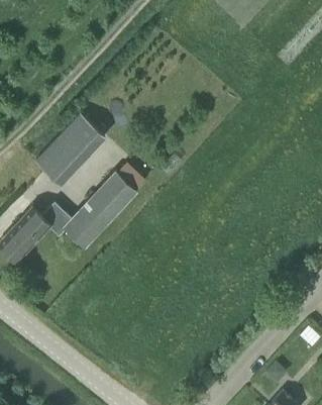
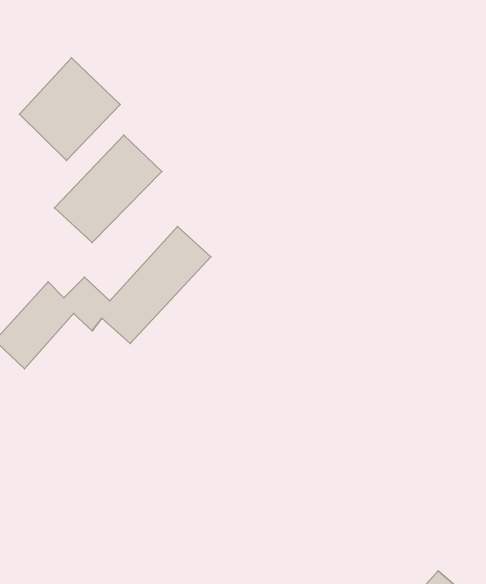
building: none -> [19,58,120,160]

